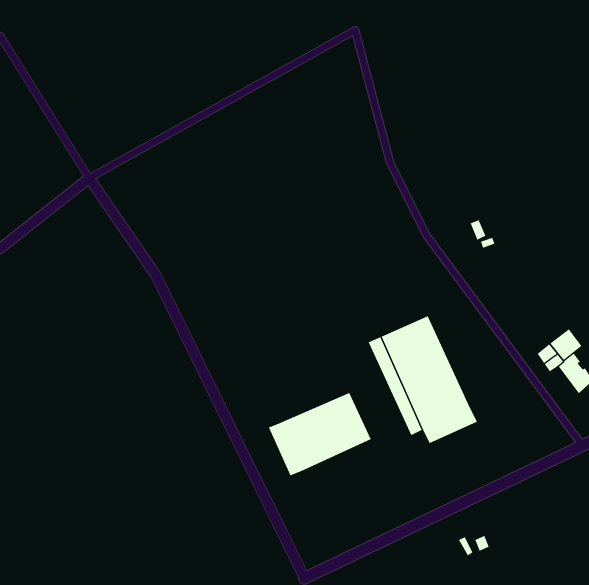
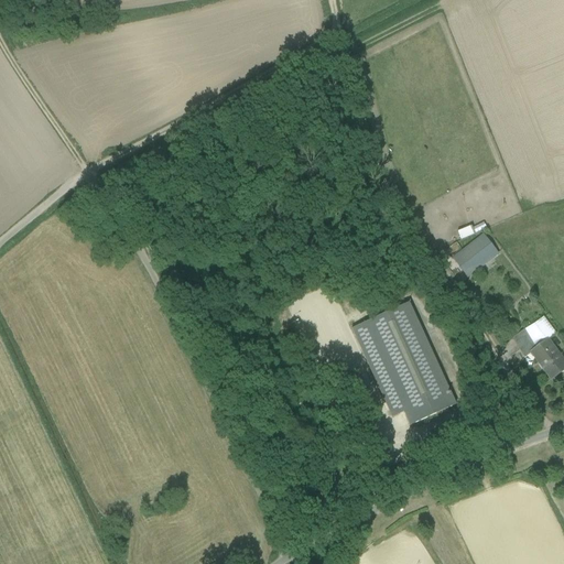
building: none -> [454,235,498,275]
building: [268,392,371,476] -> none

